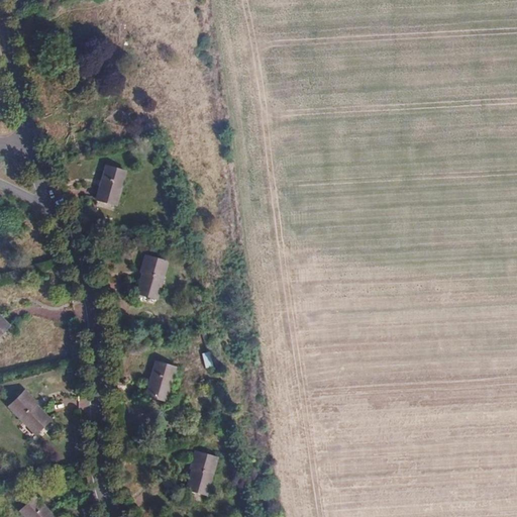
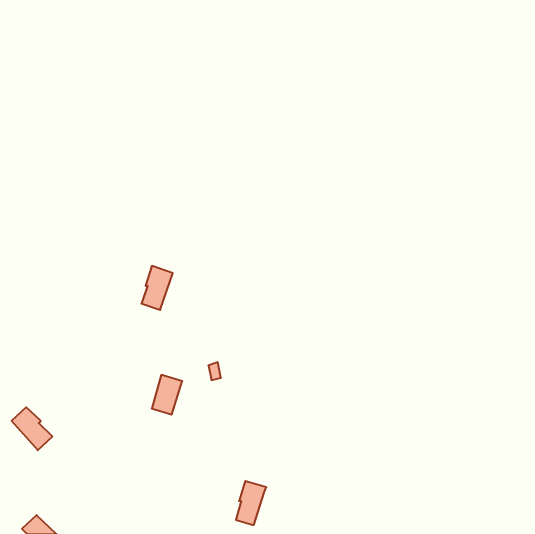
building: [96,165,127,205] -> none
building: [186,451,215,494] -> [236,481,266,525]

